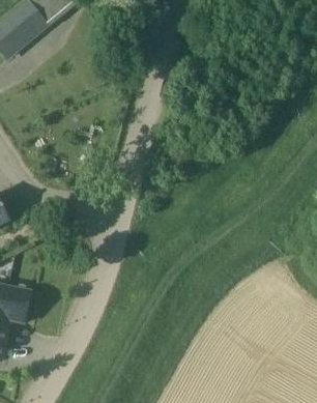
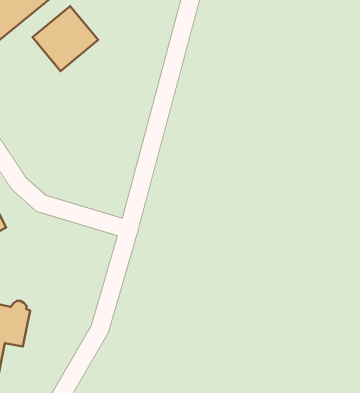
building: none -> [32,6,98,71]

